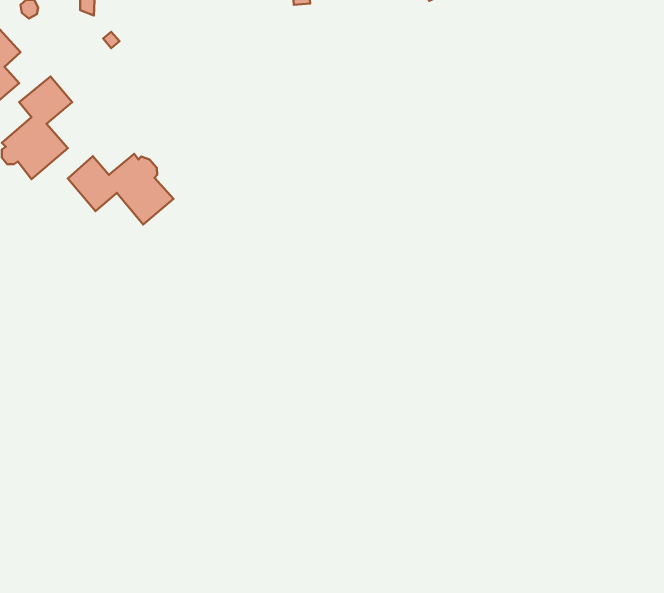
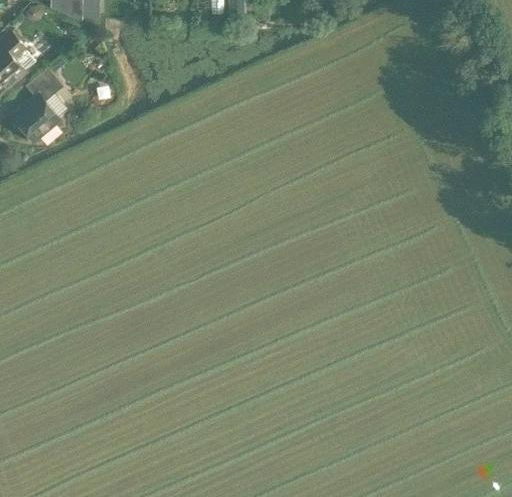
building: [68,154,174,225] -> none

